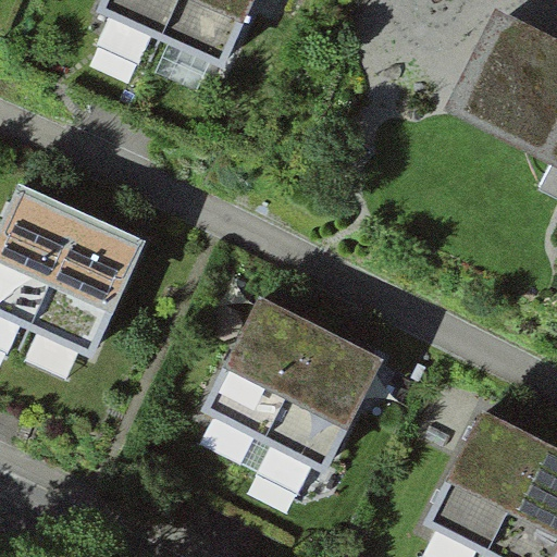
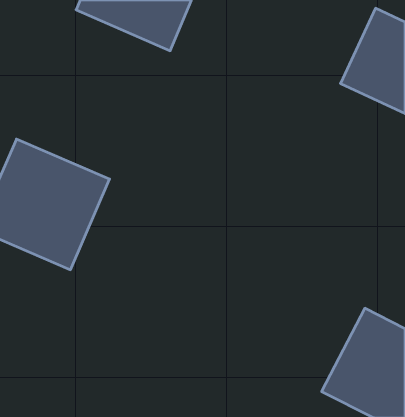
building: [206,296,385,473] -> none

